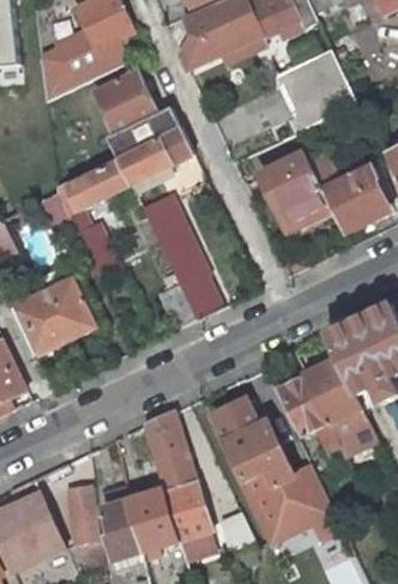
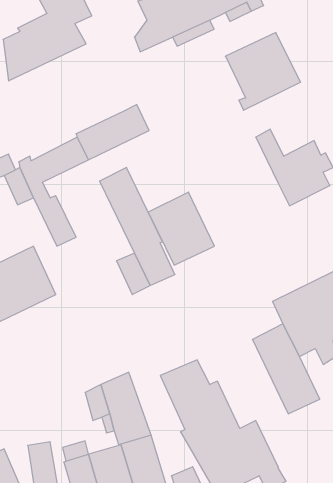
building: [96,70,168,156] -> none
building: [263,151,333,229] -> [148,192,214,265]
building: [279,375,339,451] -> none

